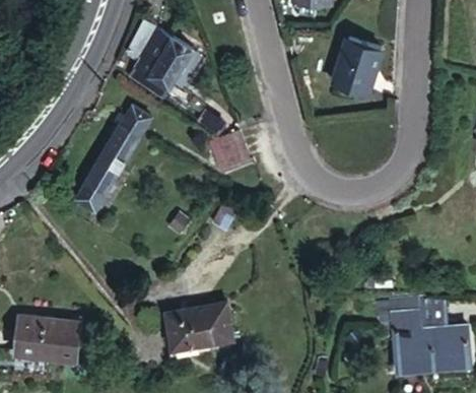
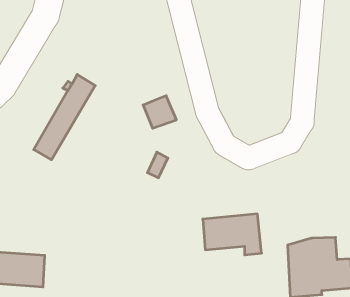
building: [130,32,194,90] -> none
building: [332,38,381,95] -> none
building: [181,301,251,349] -> [203,214,262,255]

